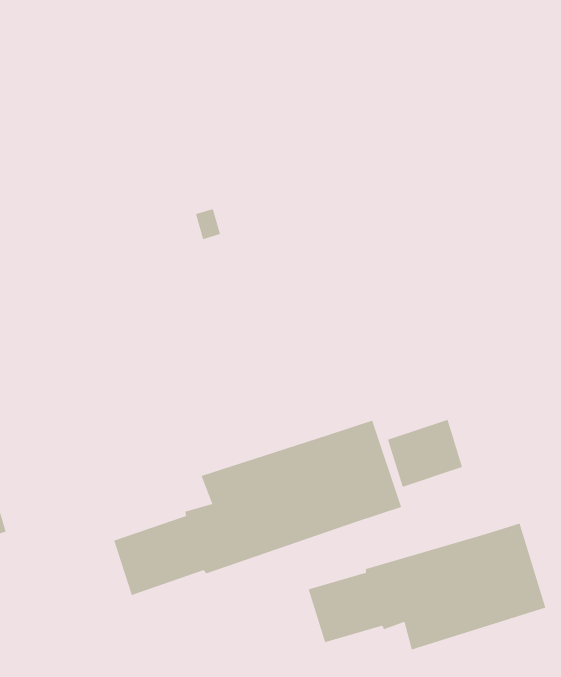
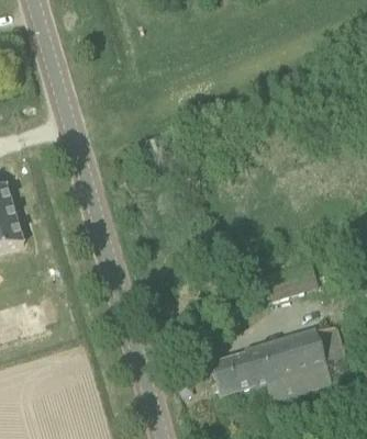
building: [114,420,402,596] -> none

